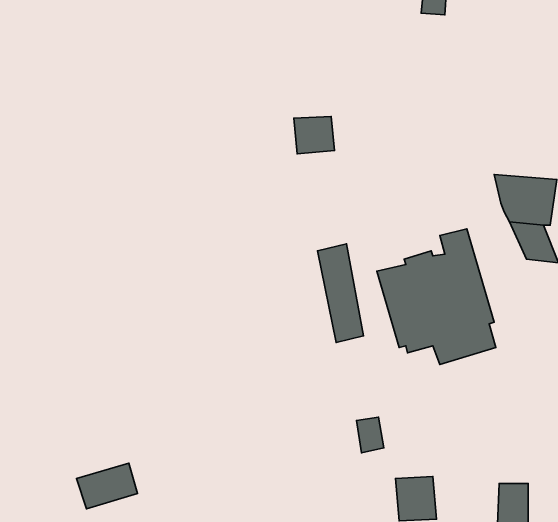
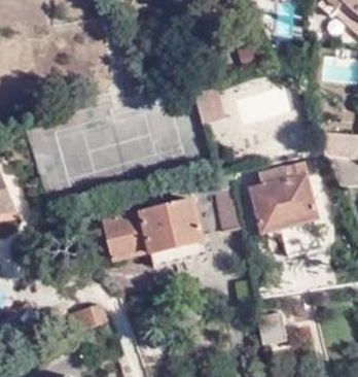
building: none -> [103,201,204,267]

